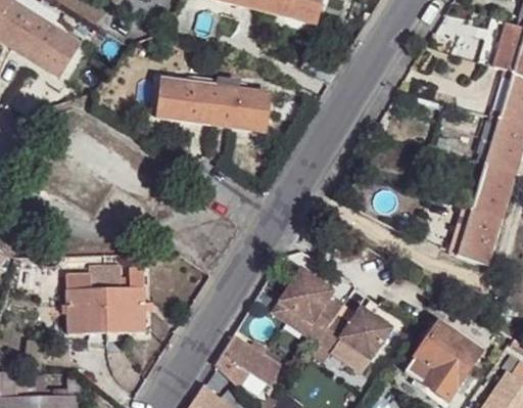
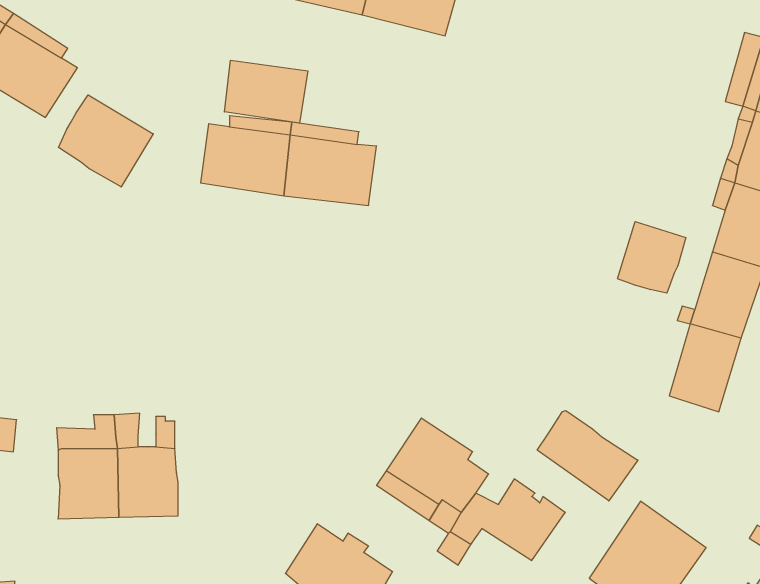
building: none -> [224,60,308,123]
building: none -> [59,95,153,187]
building: none -> [617,222,686,293]
building: none -> [537,411,638,501]

